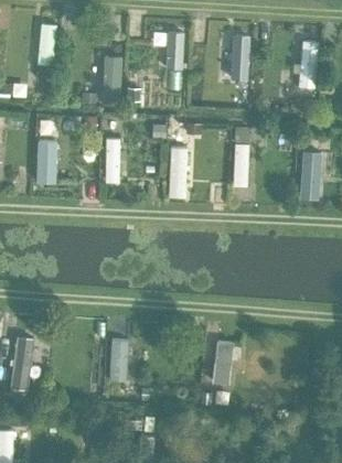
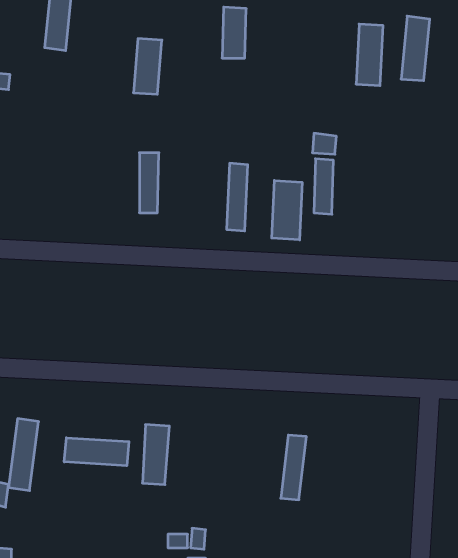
building: [231,36,250,82] -> [356,24,383,86]
building: [36,142,57,184] -> none
building: [300,152,321,201] -> none
building: none -> [272,180,302,240]
building: none -> [64,438,129,466]

